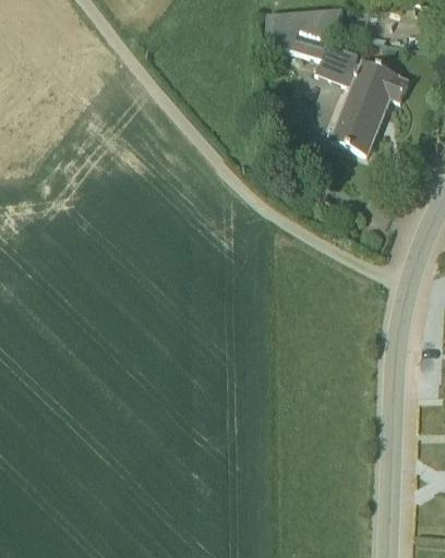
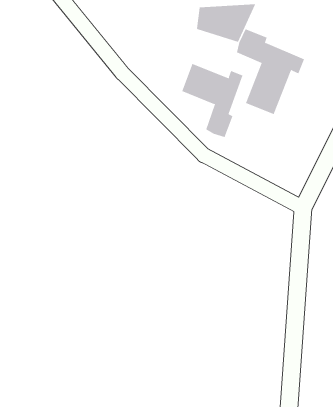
building: none -> [182,63,243,138]

